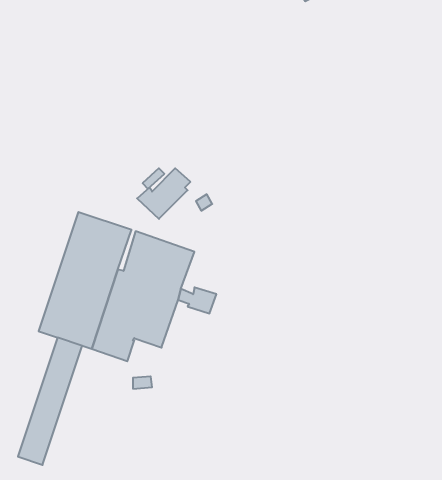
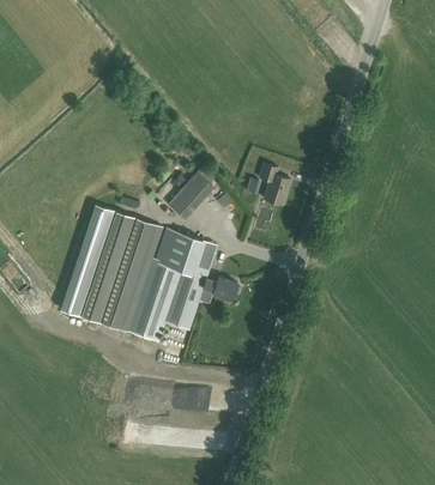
building: none -> [259,164,289,206]
building: [18,338,82,465] -> [59,205,115,316]

